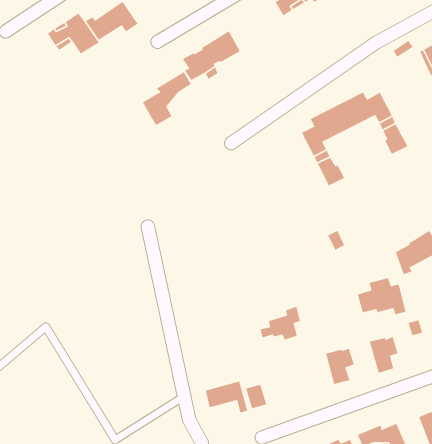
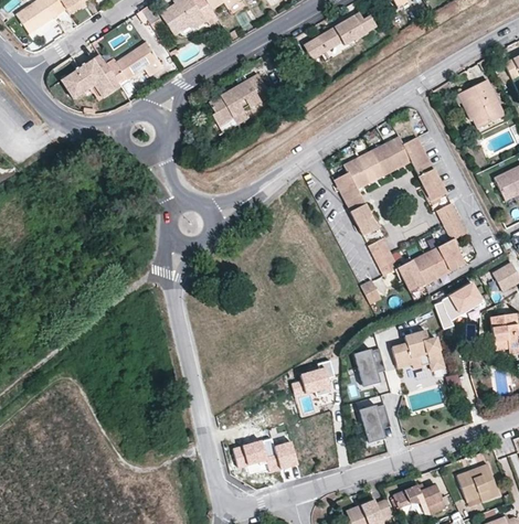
building: [142,71,192,127] -> none
building: none -> [368,203,466,291]
building: [369,336,398,374] -> [353,347,384,387]

